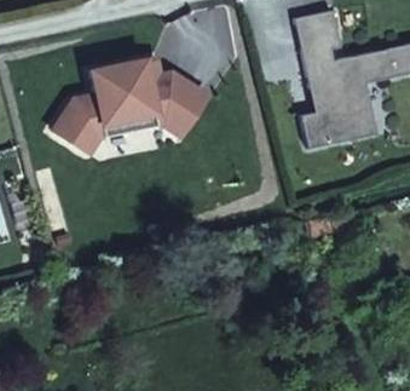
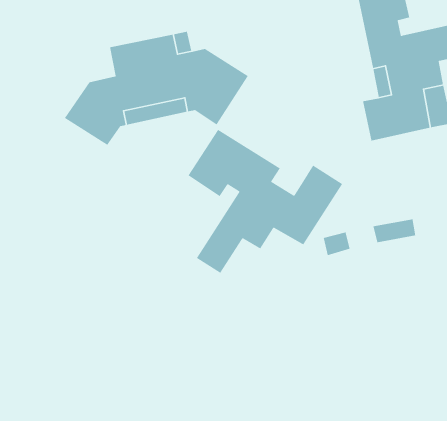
building: none -> [188,129,343,274]

